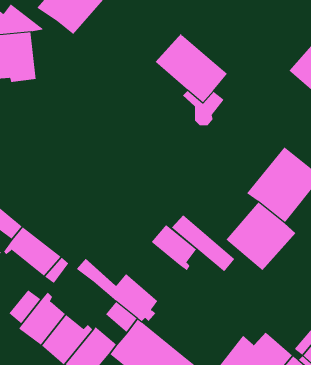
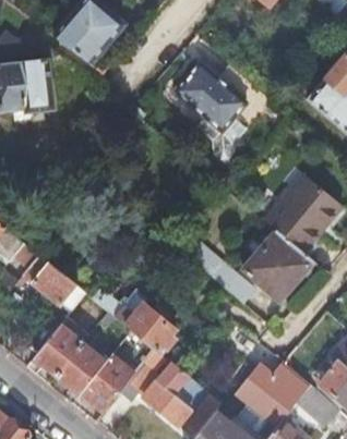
building: [151,224,197,271] -> none

